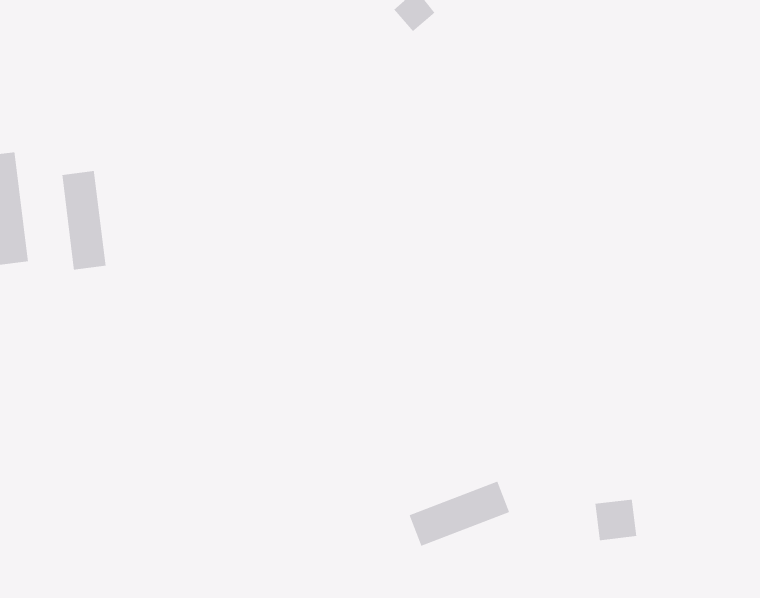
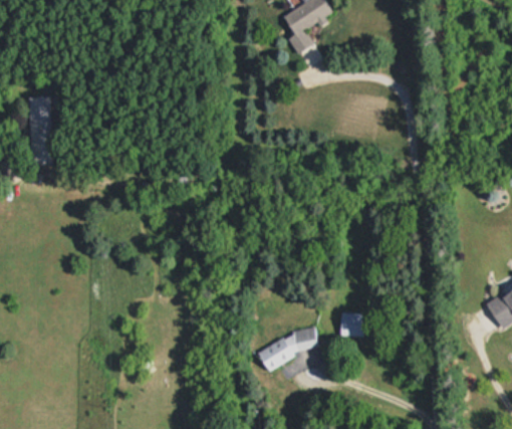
building: [61,170,106,270] -> none
building: [595,499,637,541] -> [340,313,363,337]

